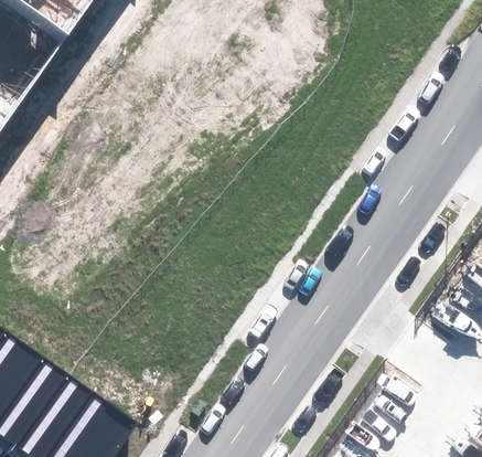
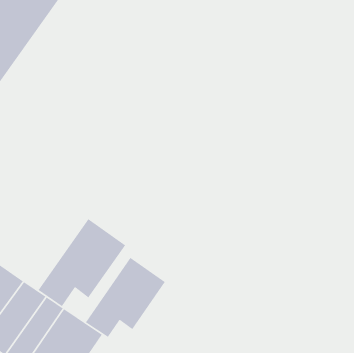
building: none -> [37,218,126,307]
building: none -> [85,257,166,338]

